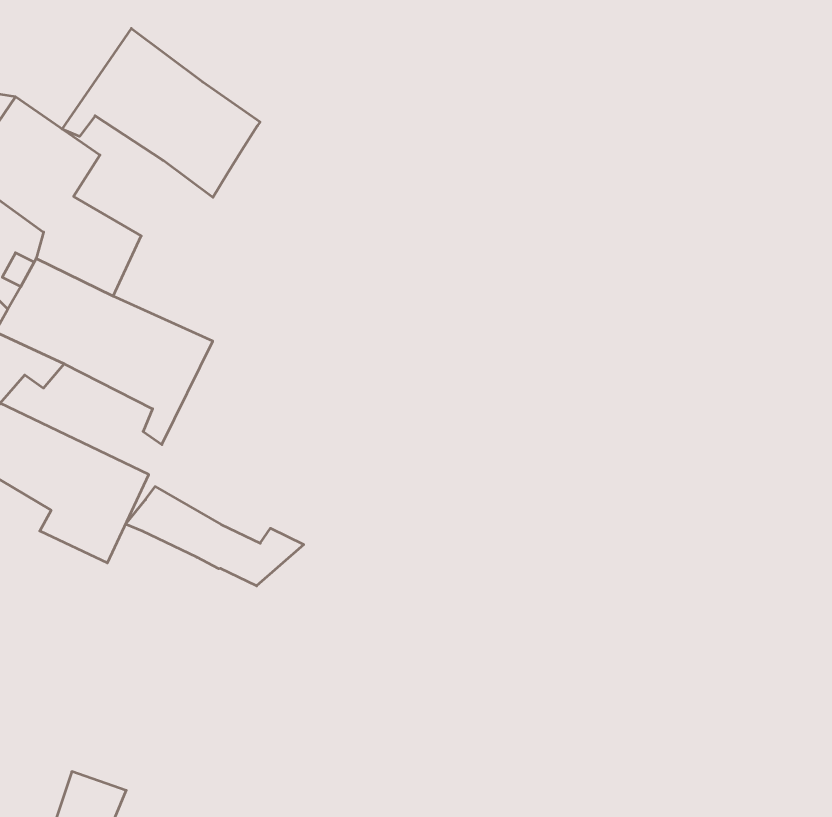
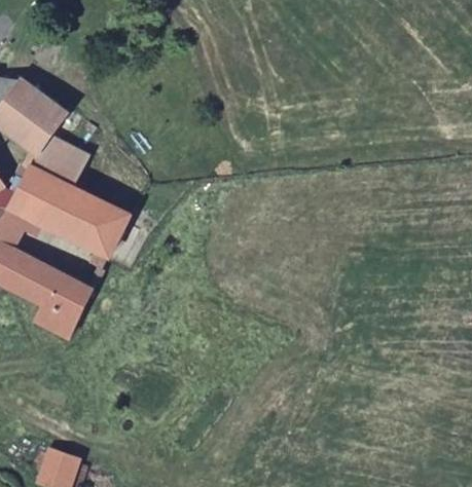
building: [62,28,260,197] -> none
building: [126,487,304,586] -> none

